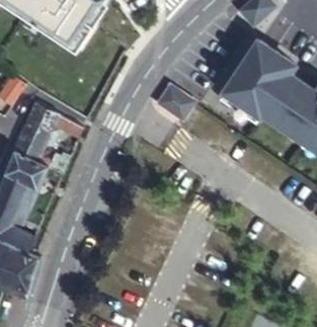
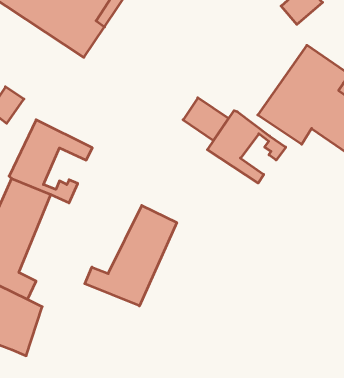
building: none -> [207,111,286,183]
building: none -> [85,205,177,306]

